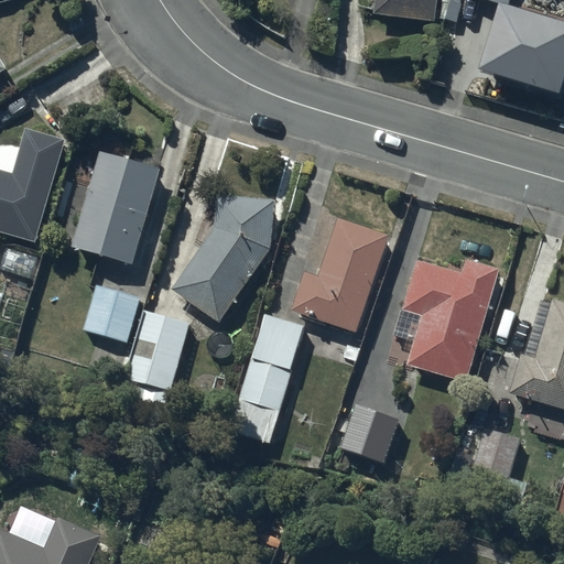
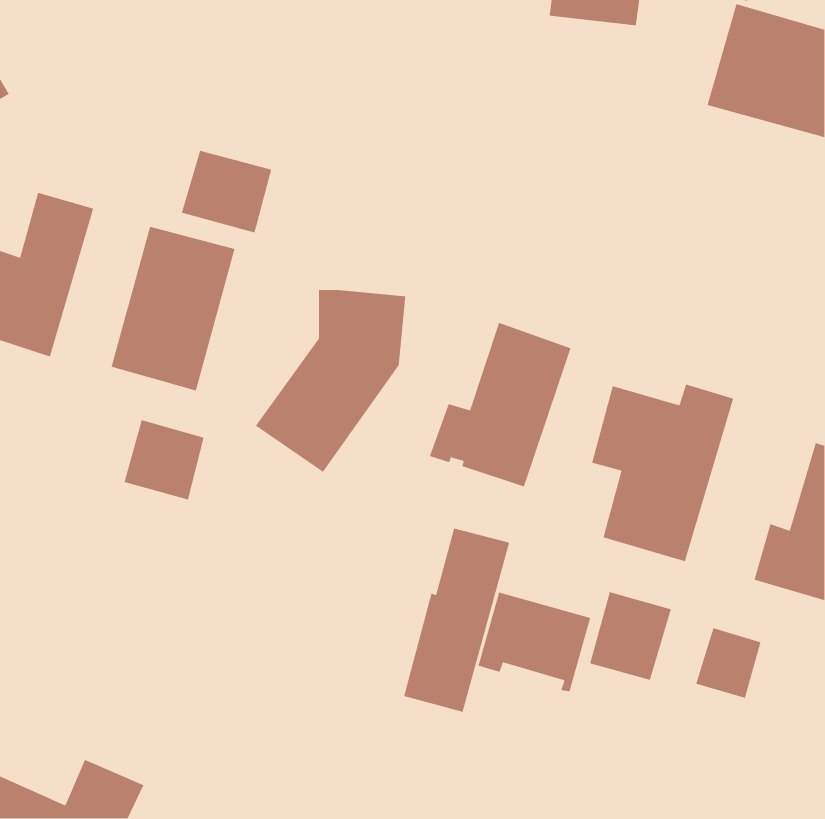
building: none -> [181,150,272,233]
building: [123,311,191,403] -> none
building: [229,312,302,437] -> [403,528,510,713]
building: none -> [589,591,672,681]

